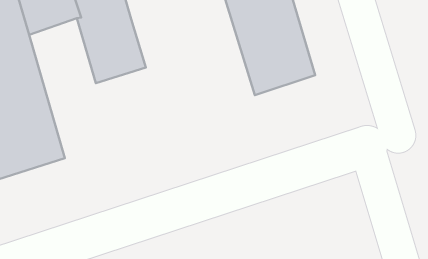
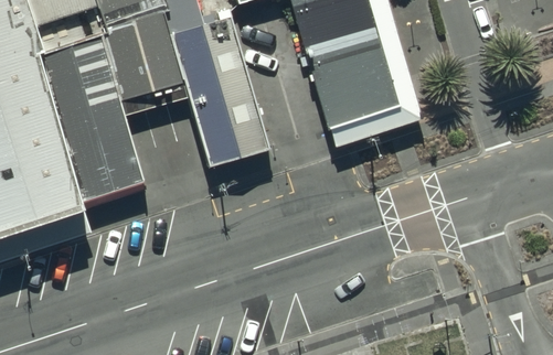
building: none -> [171,15,270,169]
building: none -> [41,33,148,212]

